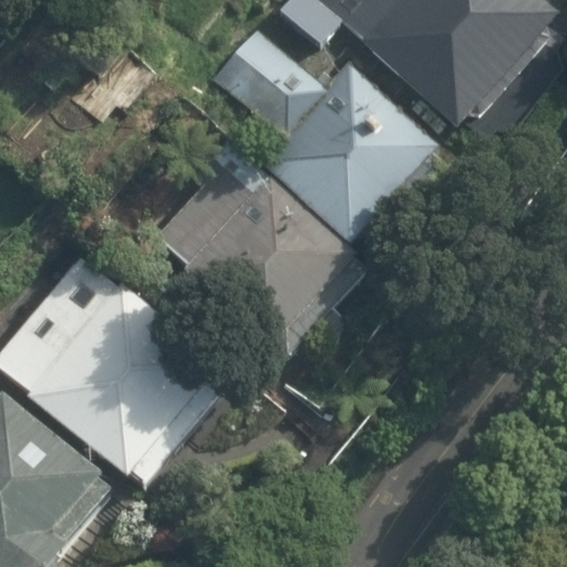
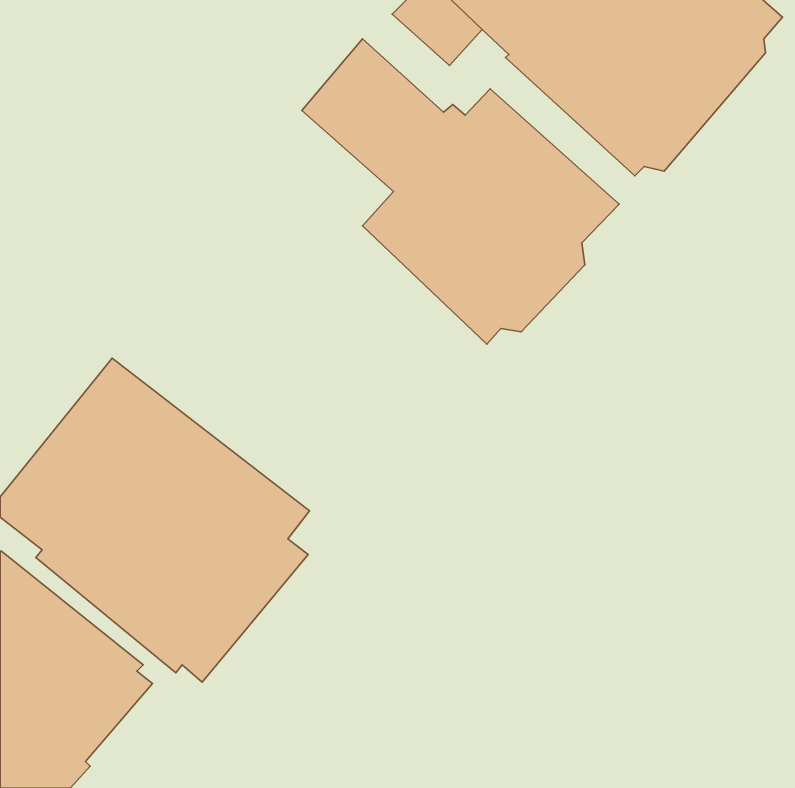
building: [154,164,367,357] -> none

